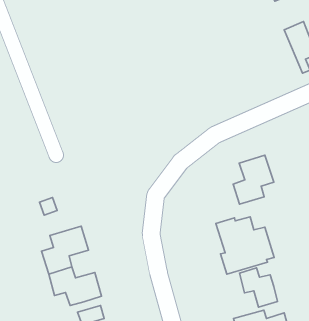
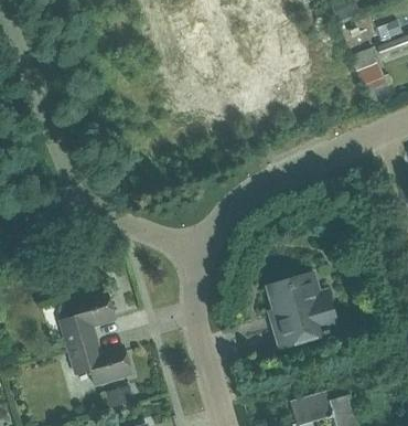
building: [233,155,274,204] -> none
building: [240,268,278,307] -> none

